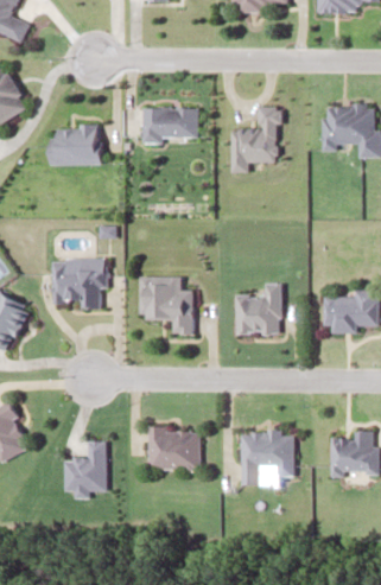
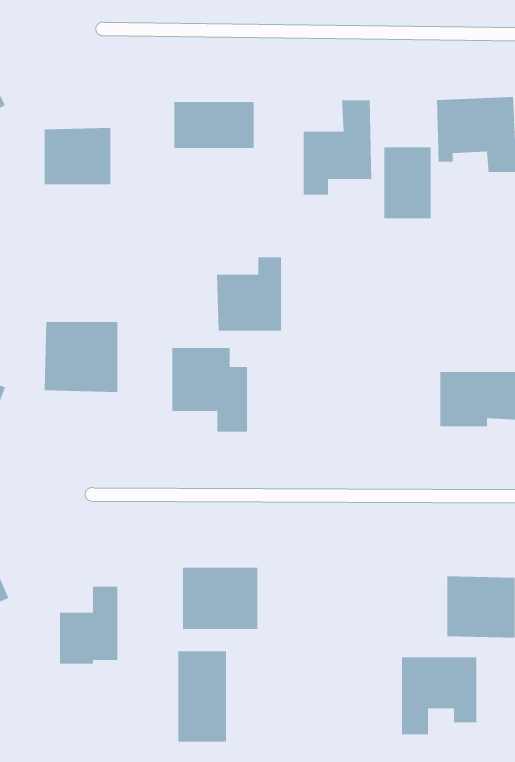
building: none -> [384,146,431,219]
building: [237,284,282,335] -> [216,257,282,331]
building: [242,431,294,484] -> [401,657,477,735]
building: none -> [178,651,226,743]

